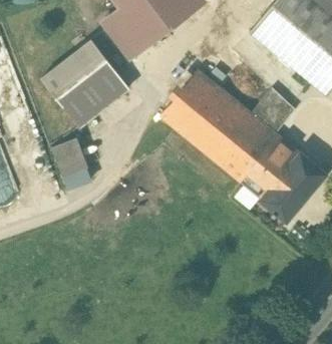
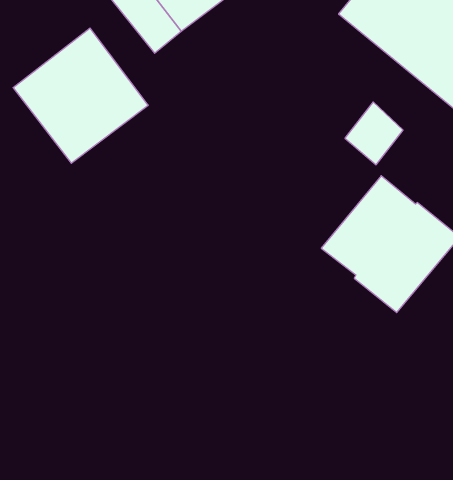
building: [160,71,277,182] -> none
building: [52,137,94,184] -> none

